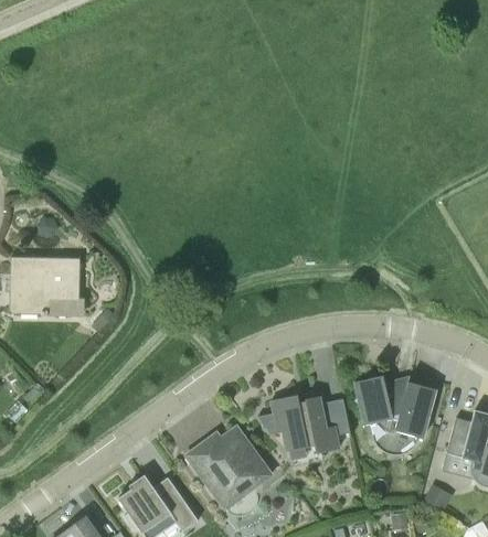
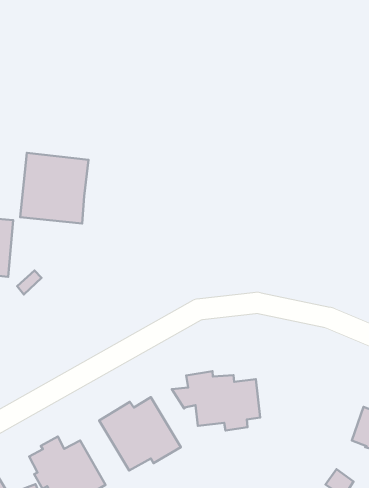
building: none -> [20,153,89,223]
building: [353,376,435,450] -> none

